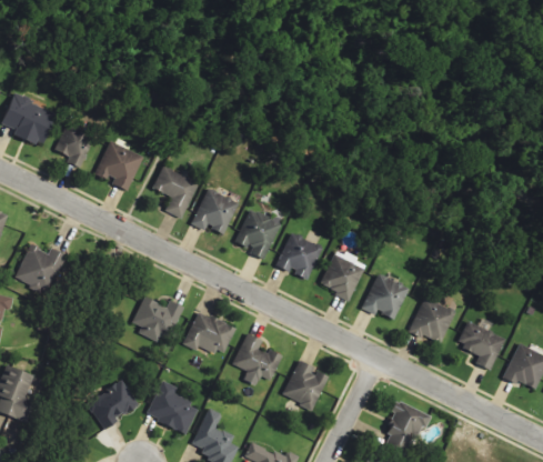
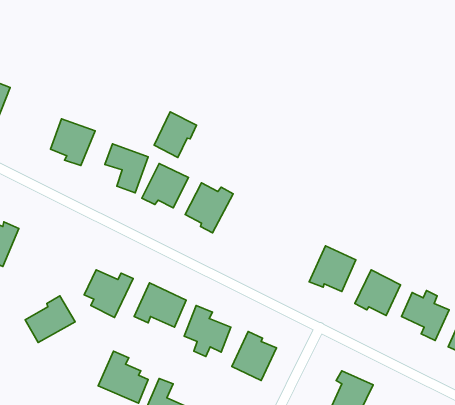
building: [54,123,93,168] -> none
building: none -> [154,112,197,158]
building: [275,233,321,280] -> none
building: [319,249,365,299] -> none
building: [87,379,138,426] -> [25,296,75,343]

